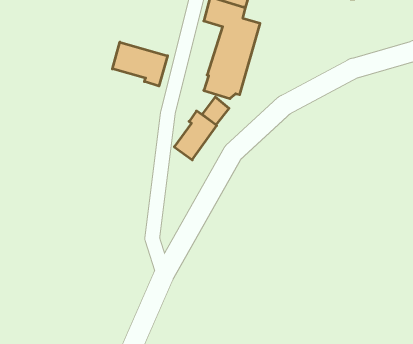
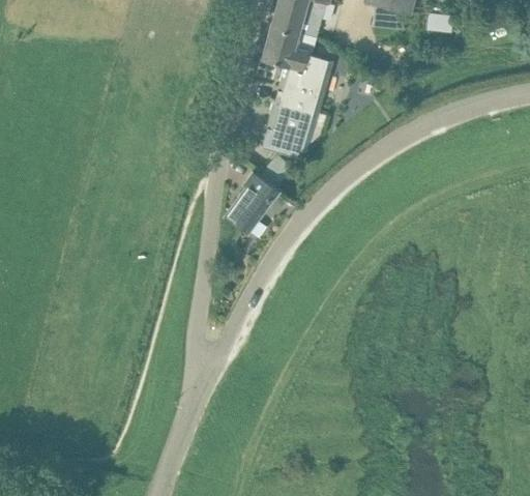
building: [112,42,168,86] -> none

